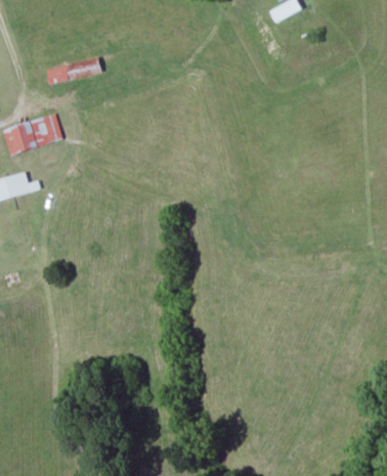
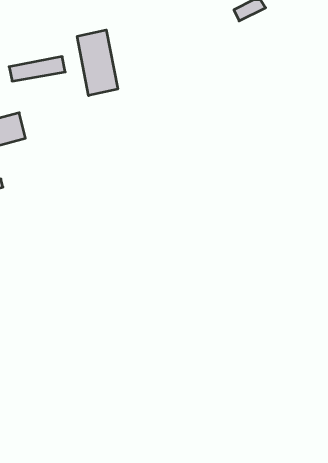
building: none -> [77,30,118,96]

